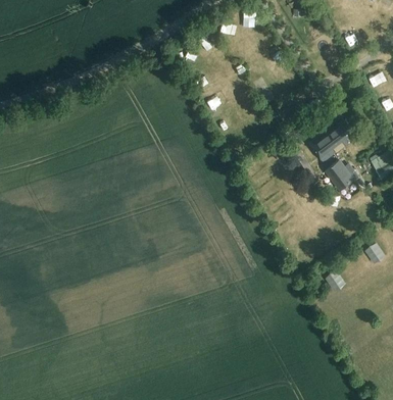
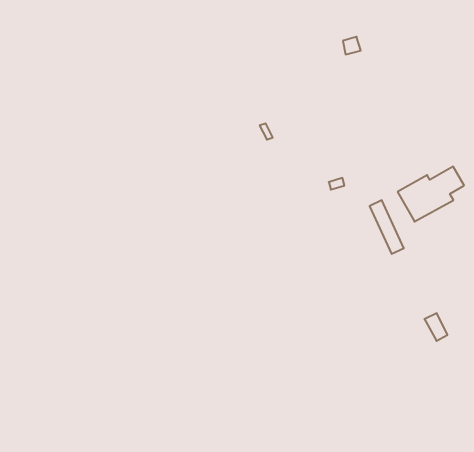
building: [326,161,353,191] -> none

